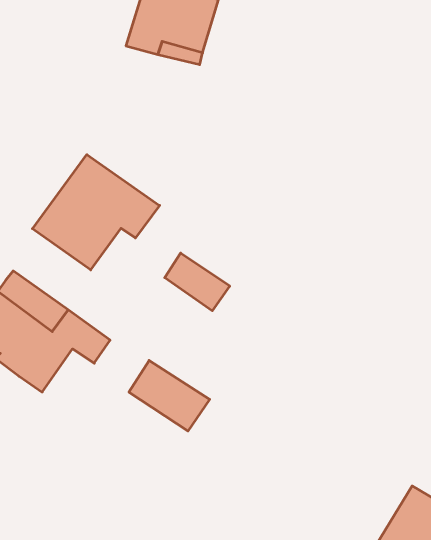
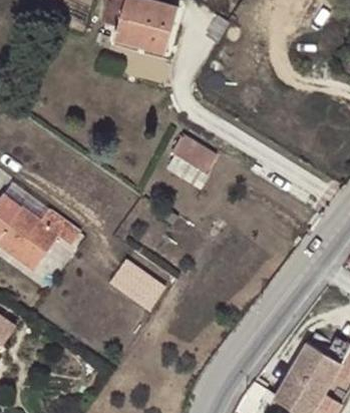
building: [32,155,160,270] -> none
building: [165,253,230,311] -> [173,135,219,175]

